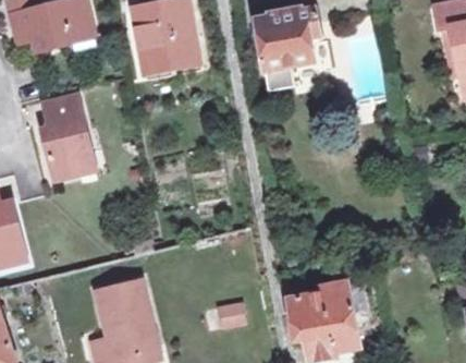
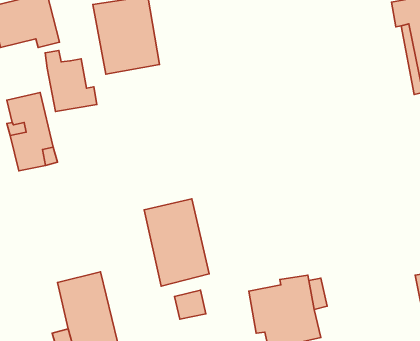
building: [256,7,320,87] -> none
building: none -> [45,50,97,112]
building: none -> [144,199,209,286]

